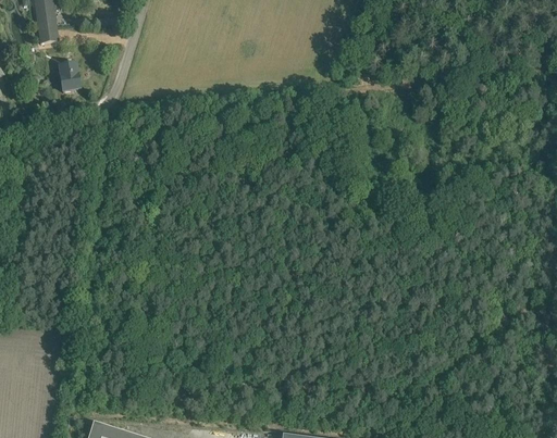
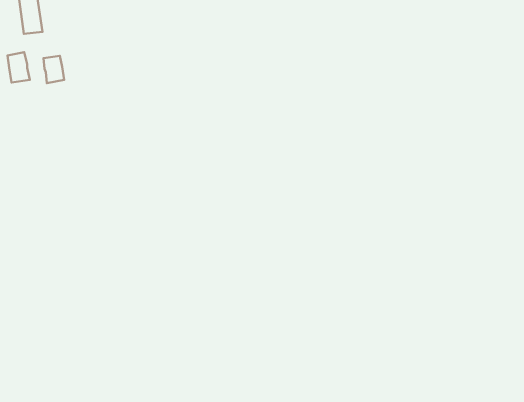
building: none -> [7,52,30,83]

